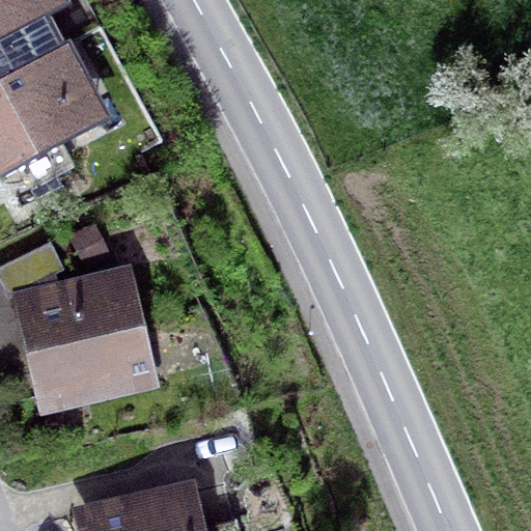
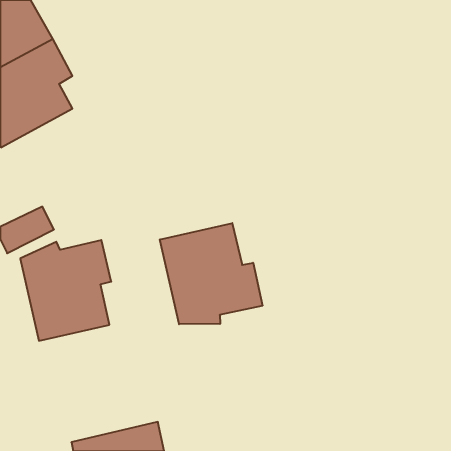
building: none -> [160,223,262,324]

